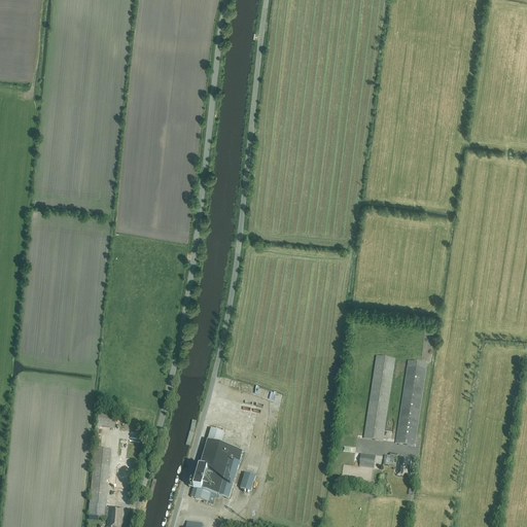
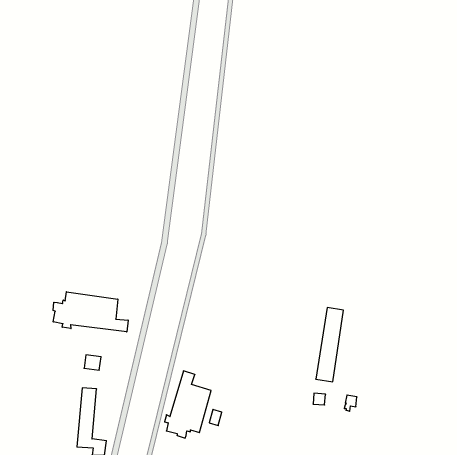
building: none -> [53,292,128,332]
building: [395,359,427,445] -> none

